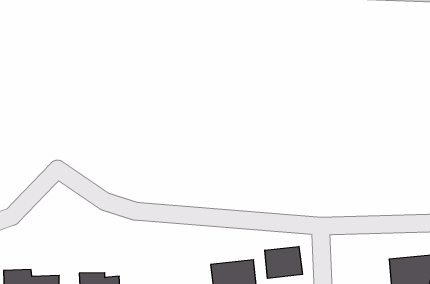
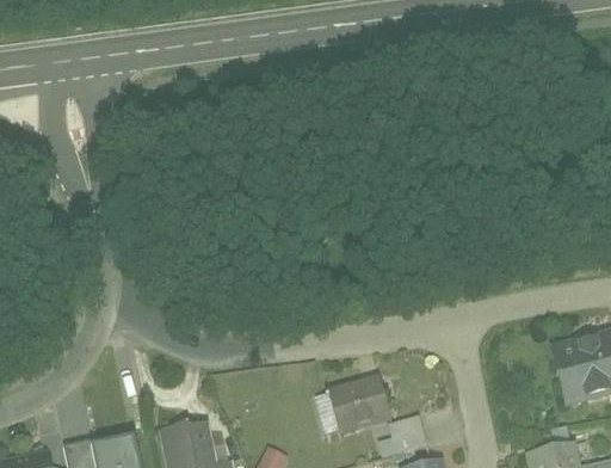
building: [265,246,302,278] -> none

